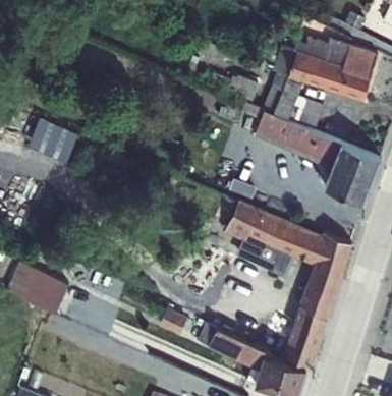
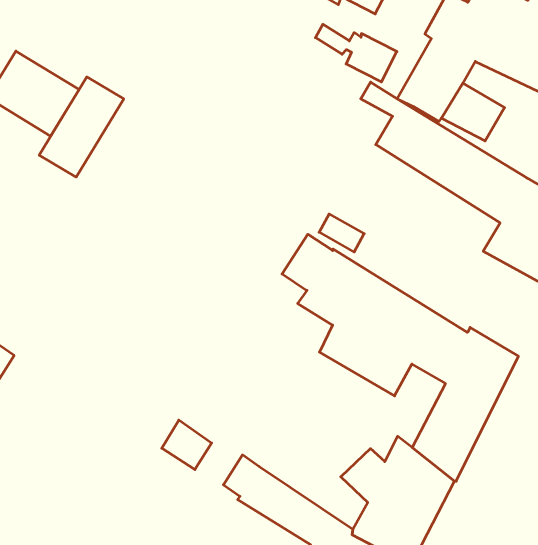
building: none -> [39,77,124,177]

